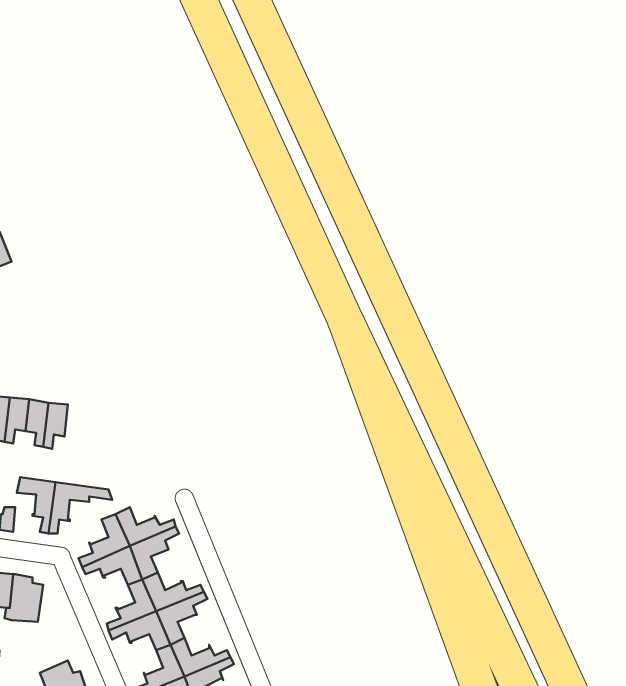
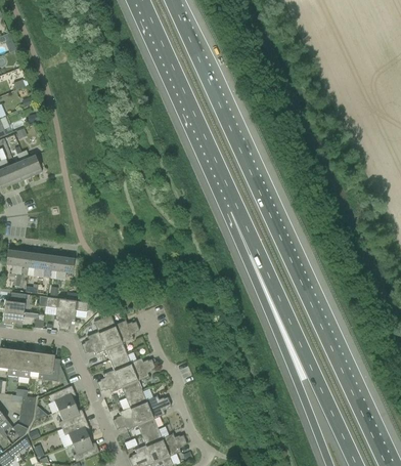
building: none -> [48,385,76,411]

